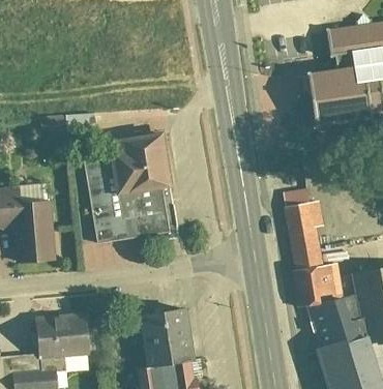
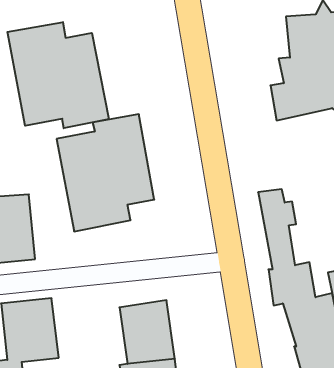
building: none -> [7,22,109,128]

